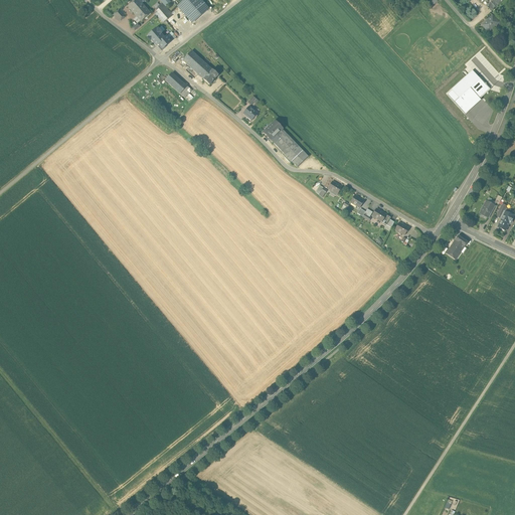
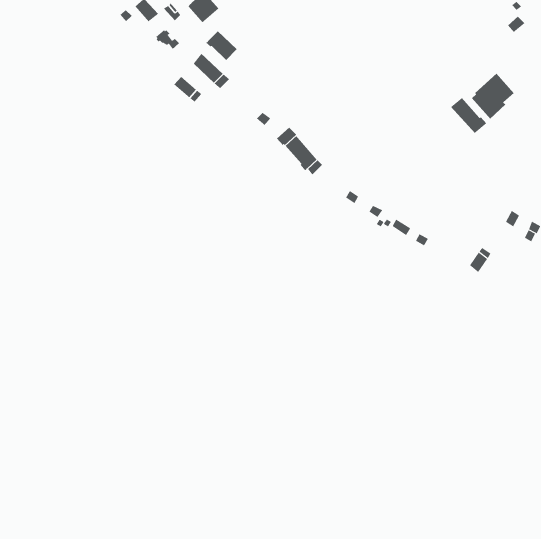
building: none -> [205,30,238,61]
building: none -> [450,97,487,134]

